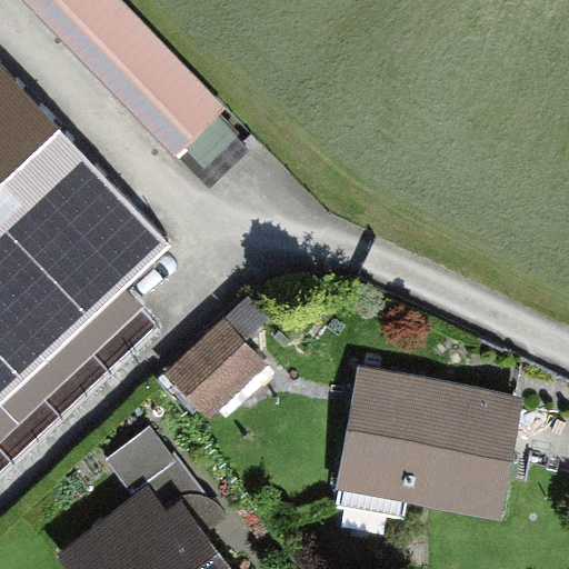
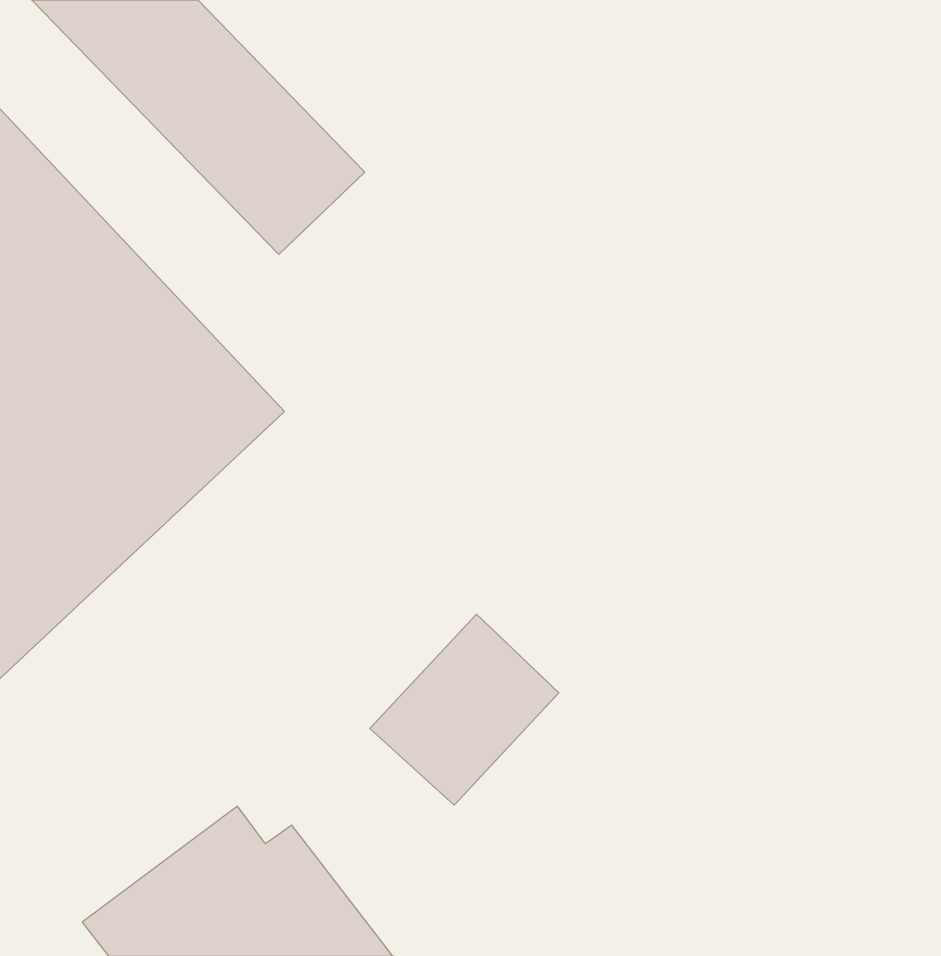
building: [161,307,273,420] -> [370,614,559,805]
building: [336,369,530,512] -> none

